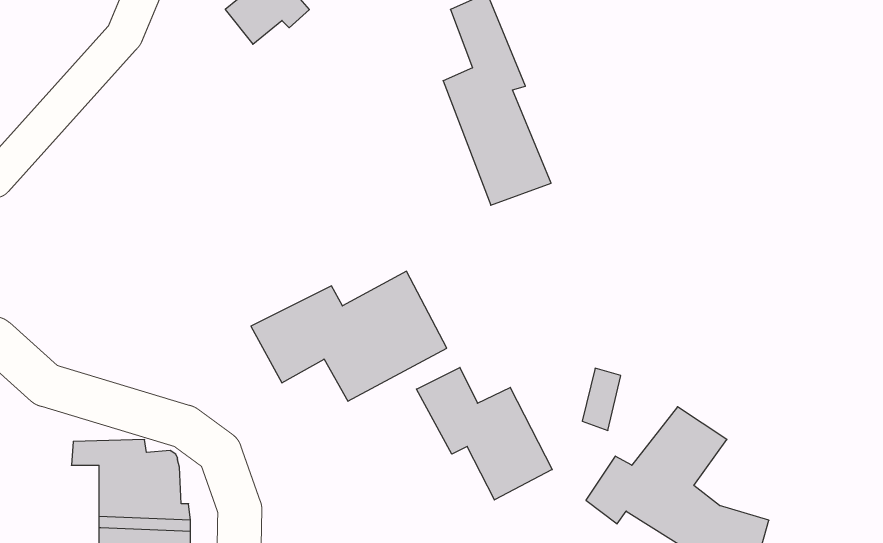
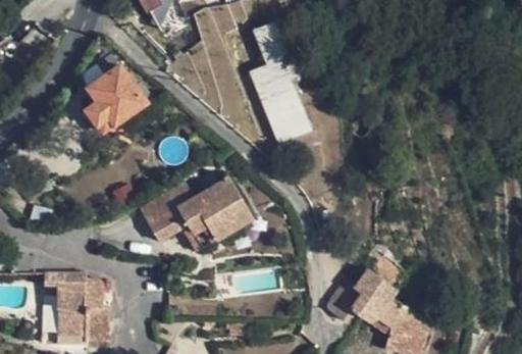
building: none -> [87,53,148,128]
building: [416,367,552,500] -> none

